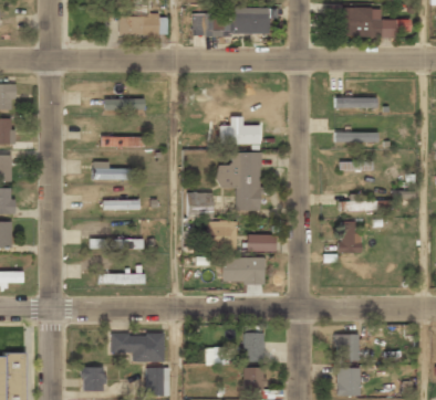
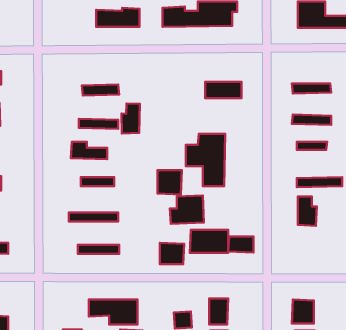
building: none -> [121,103,140,133]
building: [220,126,260,144] -> [205,82,242,98]
building: [248,234,276,252] -> [228,236,253,253]
building: none -> [160,243,184,264]

